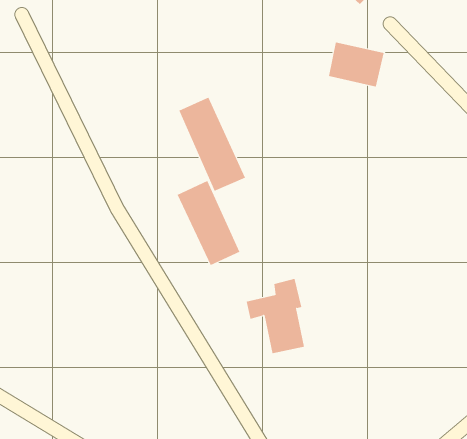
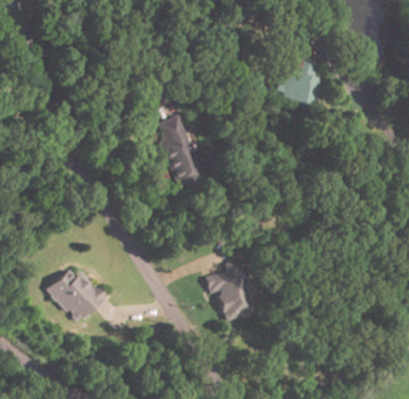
building: [177,180,240,266] -> none
building: none -> [47,269,106,323]

